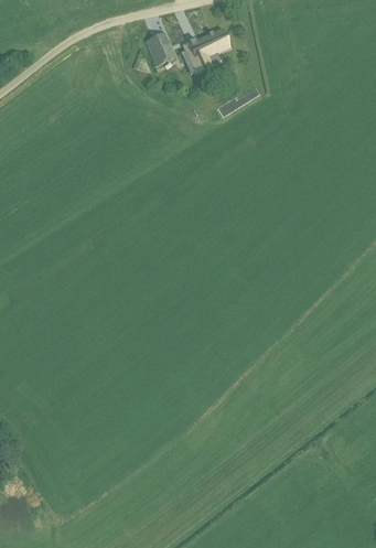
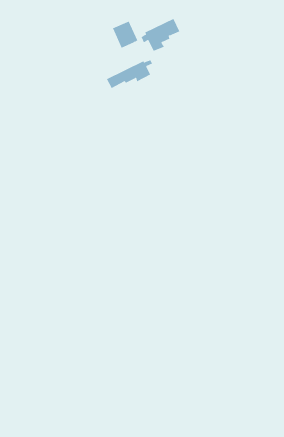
building: none -> [106,59,153,89]

